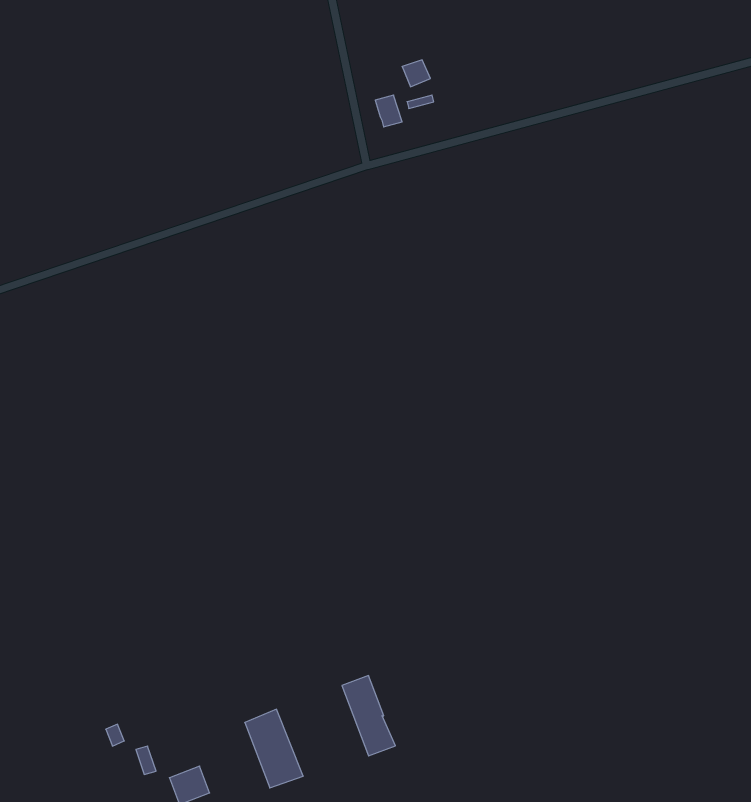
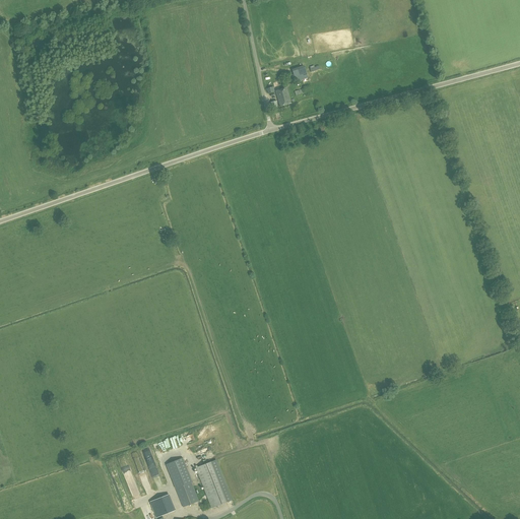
building: [342,676,395,756] -> [166,457,198,506]

